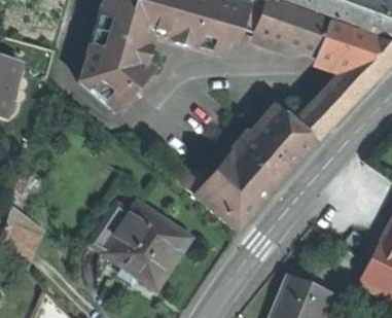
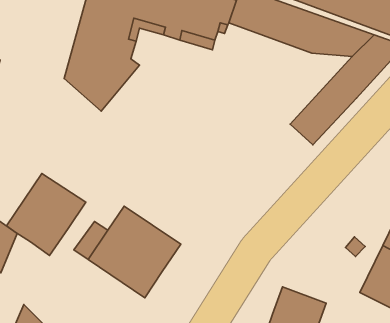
building: [198,107,316,232] -> none
building: none -> [6,173,86,255]

